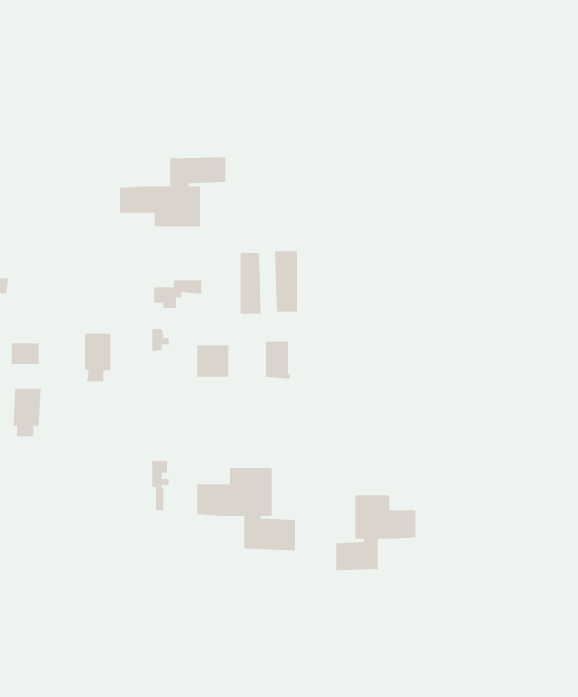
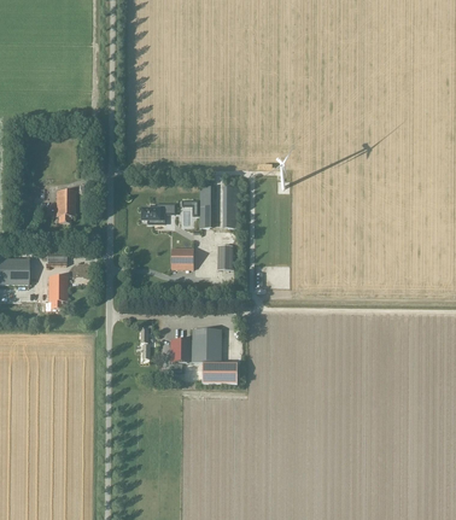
building: [119,156,226,227] -> none
building: [84,333,111,382] -> [57,191,75,223]
building: [336,495,416,571] -> none

